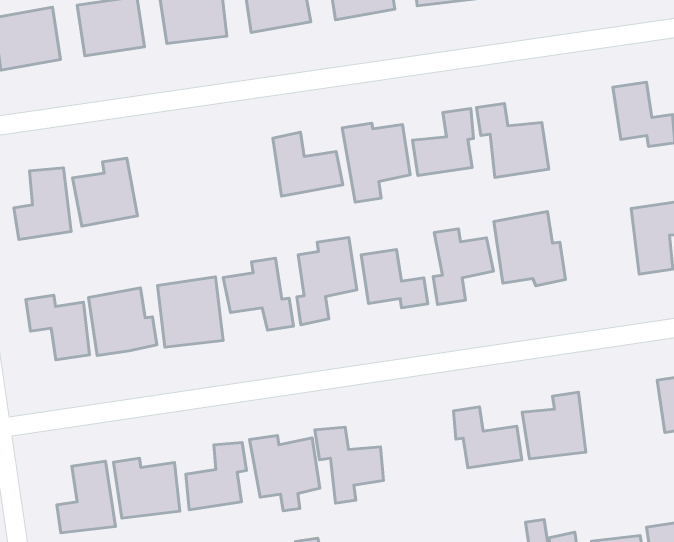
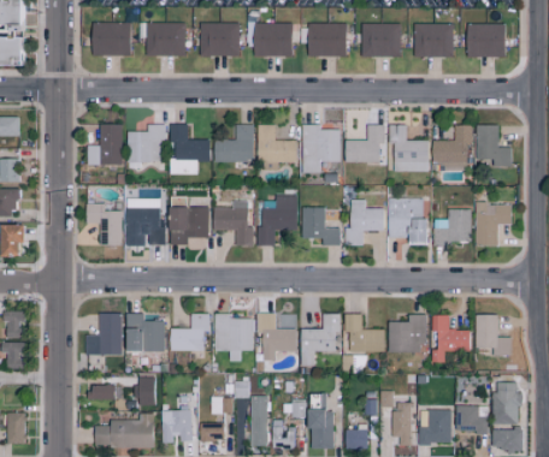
building: none -> [432,125,472,167]
building: none -> [214,124,254,161]
building: none -> [171,124,209,174]
building: none -> [435,208,472,247]
building: none -> [432,315,471,362]
building: none -> [301,313,341,364]

